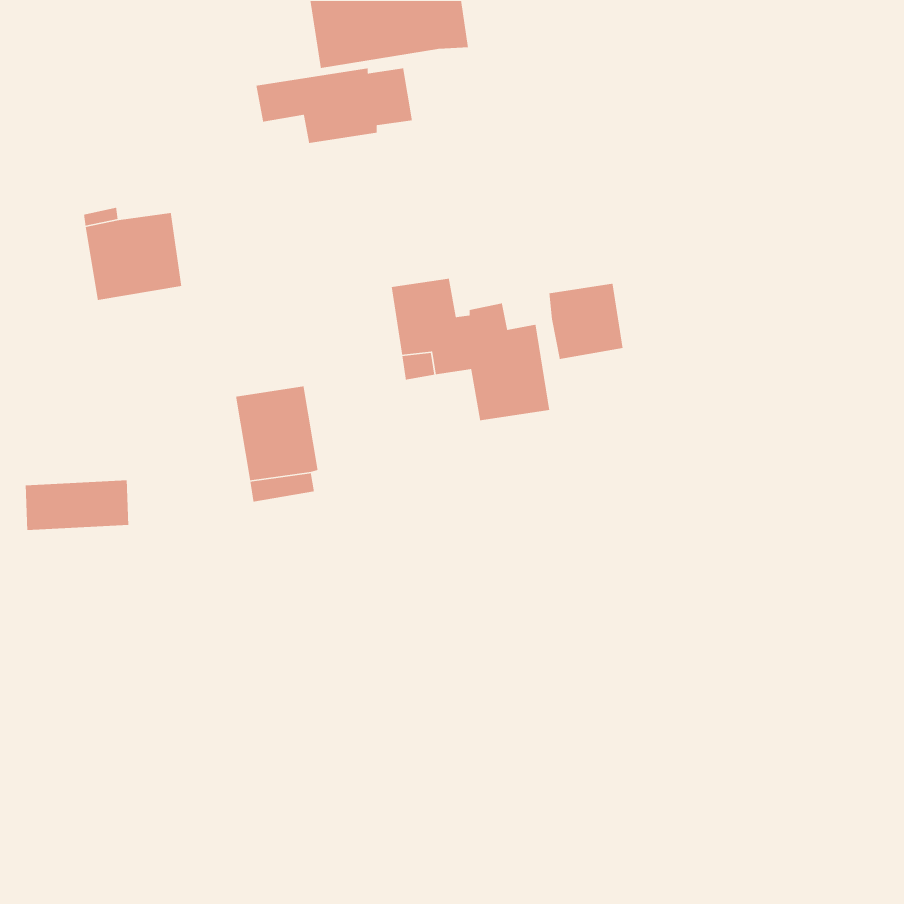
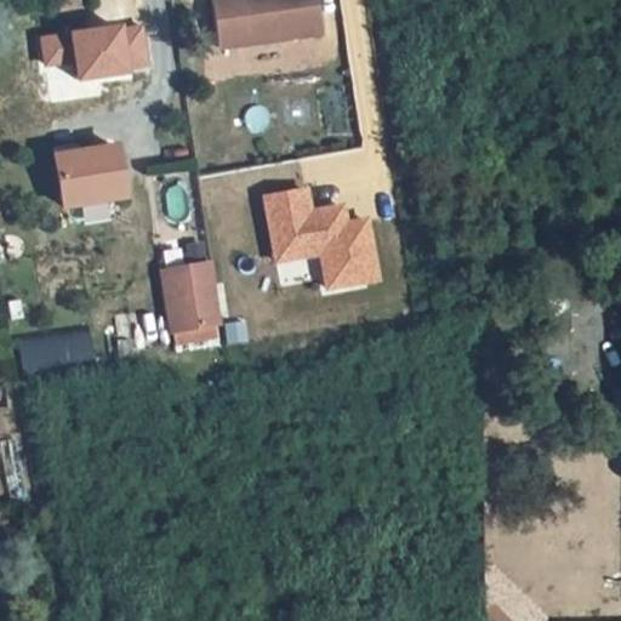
building: [255,68,413,144] -> [44,27,152,79]
building: [548,283,623,360] -> none

